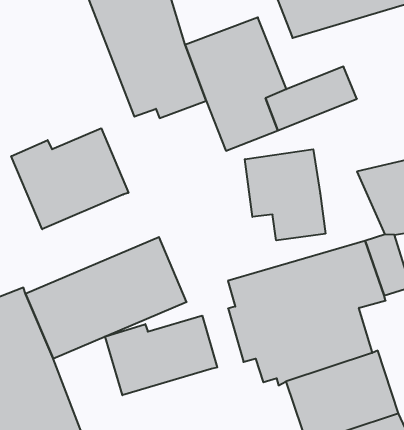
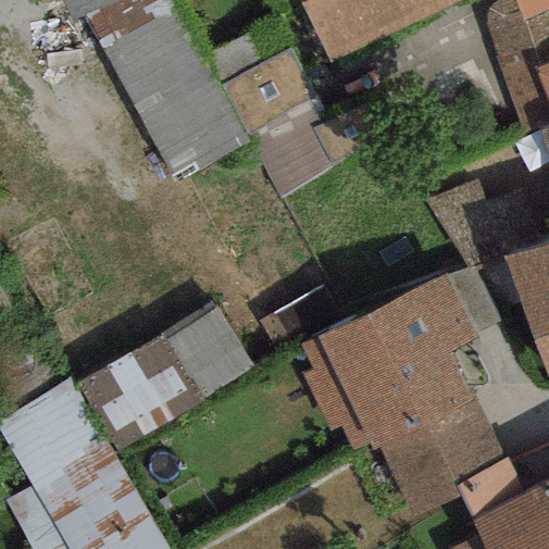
building: [11,128,128,229] -> none
building: [245,149,325,240] -> none
building: [105,316,217,395] -> none

